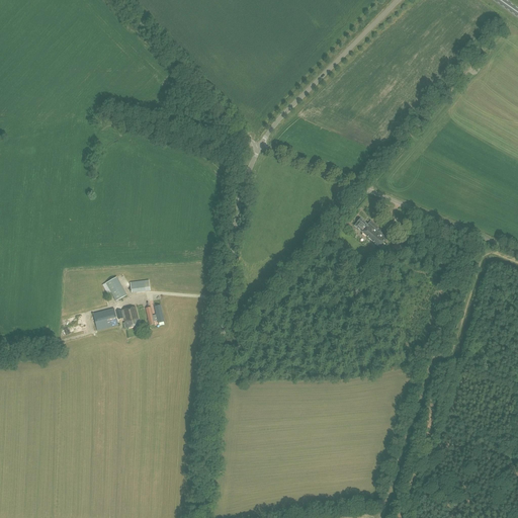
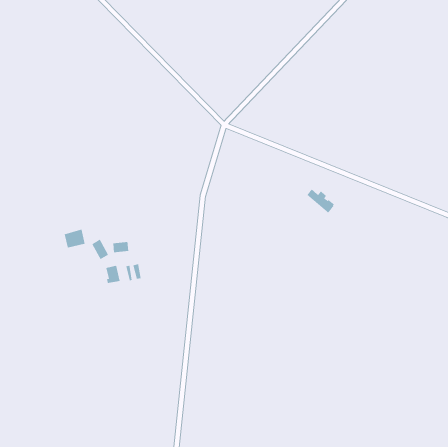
building: [92,307,117,329] -> [64,229,86,248]

